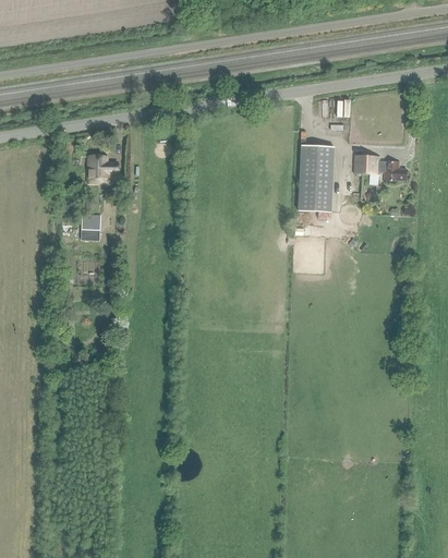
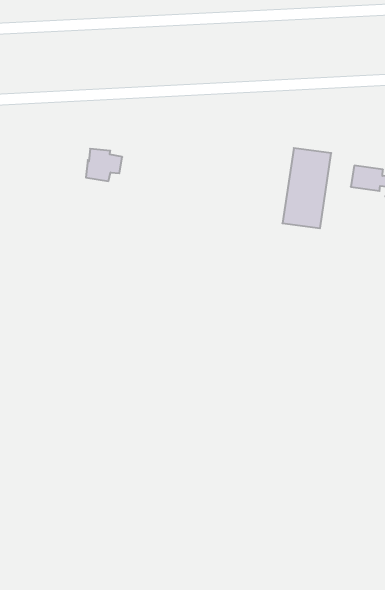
building: [88,156,118,182] -> [86,149,122,181]
building: [81,216,100,240] -> none

